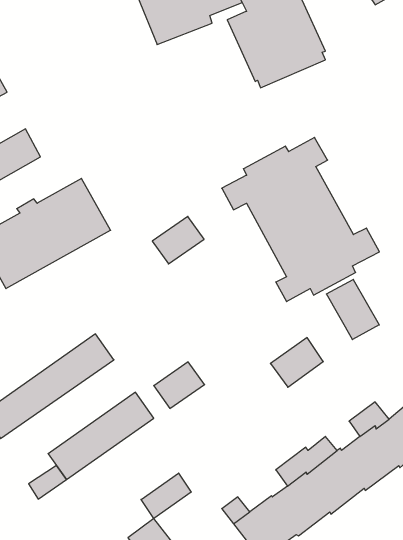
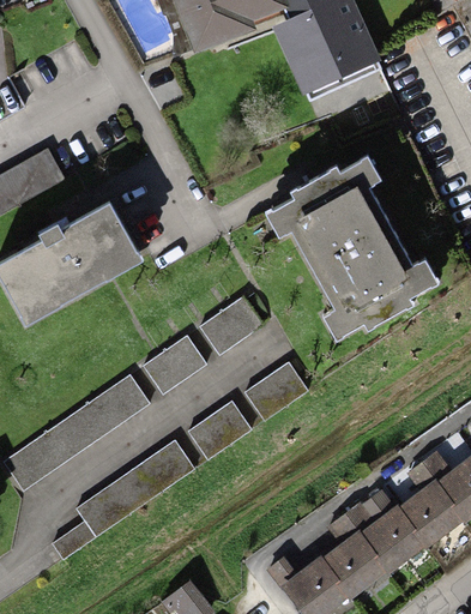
building: [152,216,204,264] -> [200,299,258,351]
building: [326,279,379,340] -> none
building: none -> [145,337,203,390]
building: [270,338,323,387] -> [246,363,304,419]
building: [141,473,191,518] -> none

